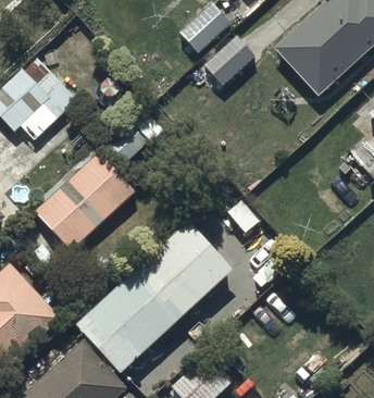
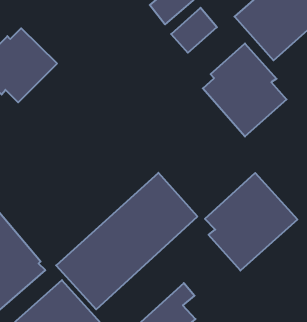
building: none -> [203,43,287,137]
building: [34,153,133,249] -> none
building: none -> [205,173,297,271]

